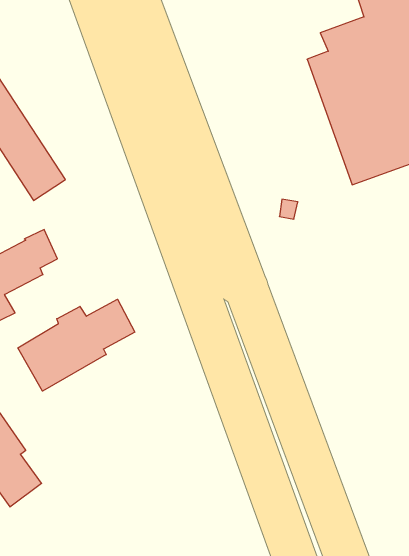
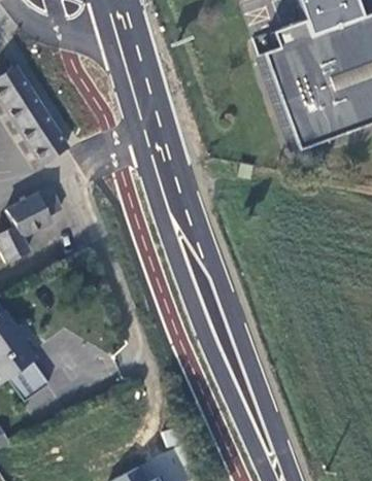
building: [18,299,135,391] -> none

